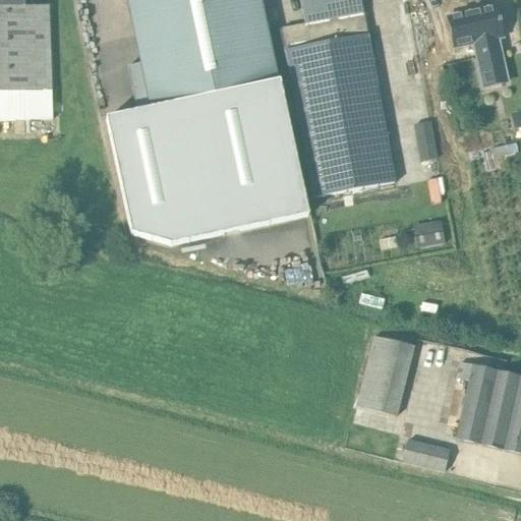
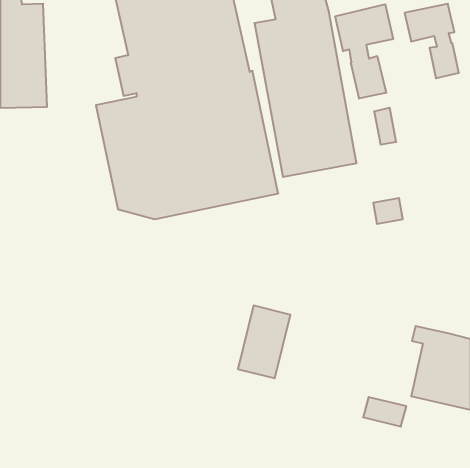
building: none -> [335,4,393,99]
building: [356,335,414,415] -> [238,305,290,378]

